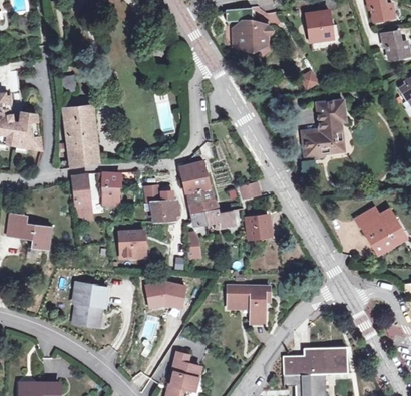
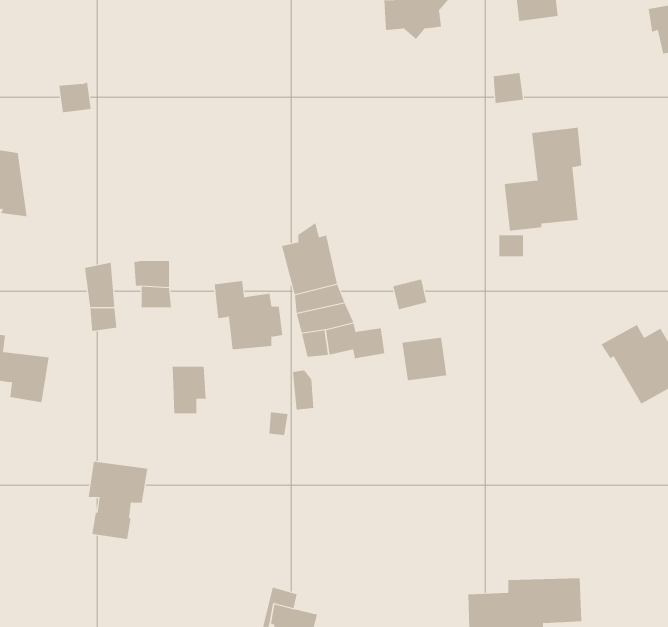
building: [63,106,99,168] -> none
building: [144,281,184,309] -> none
building: [228,288,270,324] -> none

